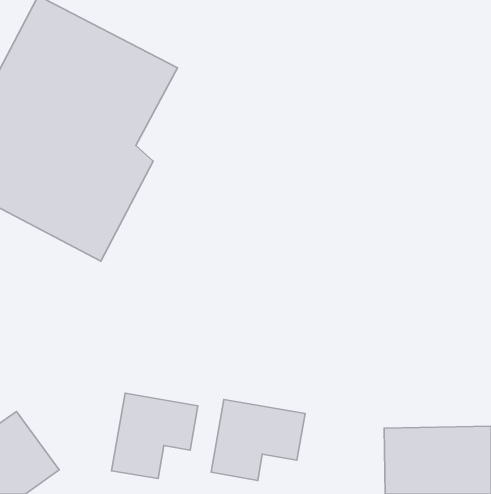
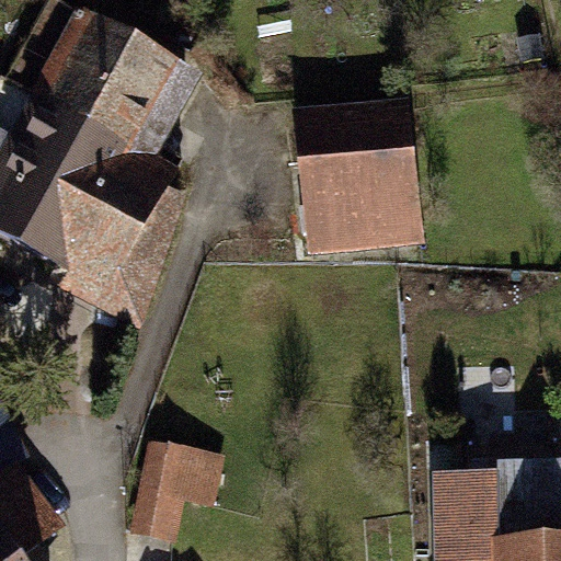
building: none -> [291,101,426,255]
building: [211,399,305,480] -> none

